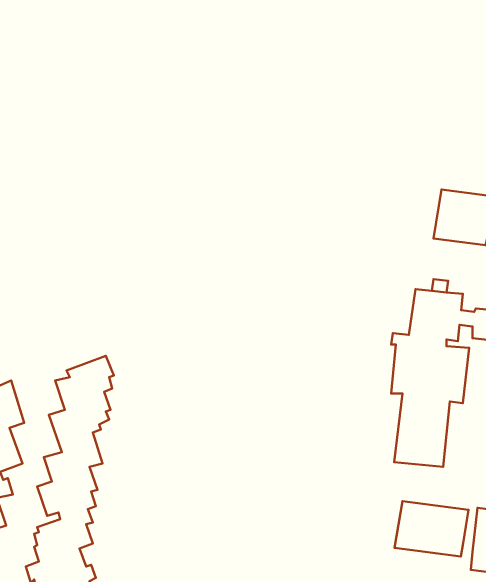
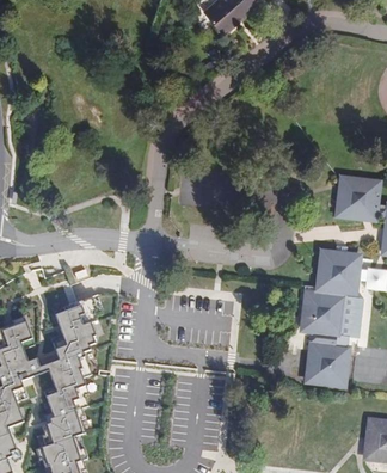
building: [395,501,469,556] -> none

